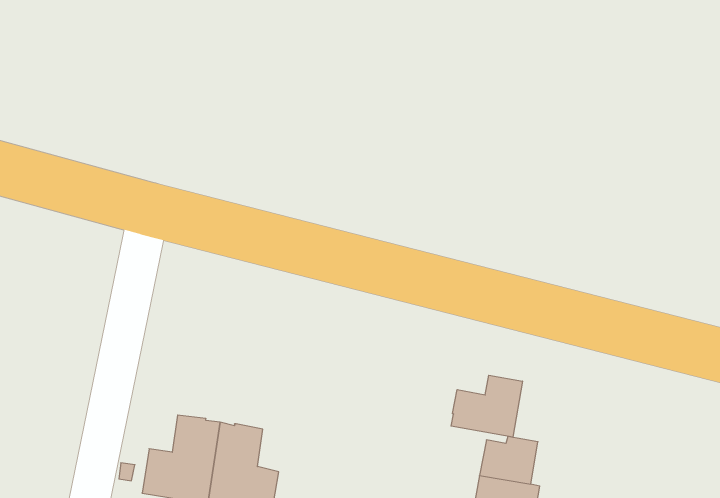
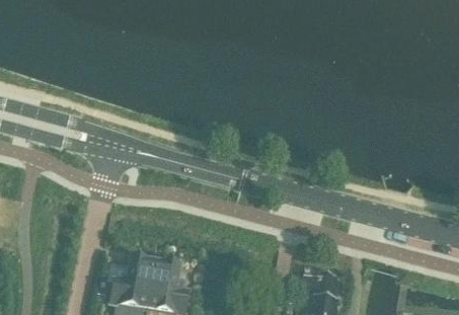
building: [451,375,522,437] -> none

